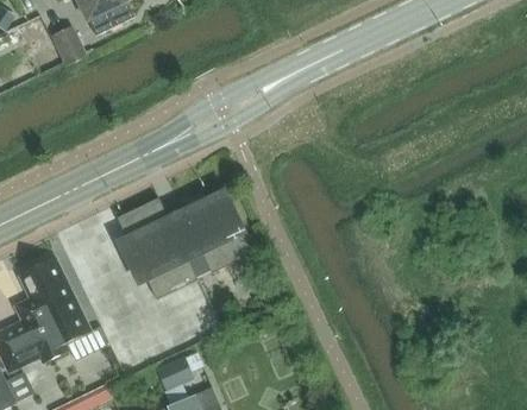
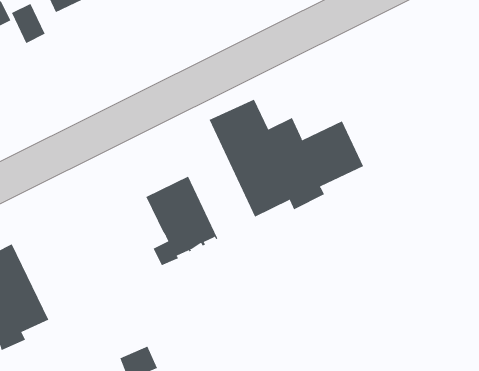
building: none -> [209,99,364,218]
building: [117,197,197,299] -> none

